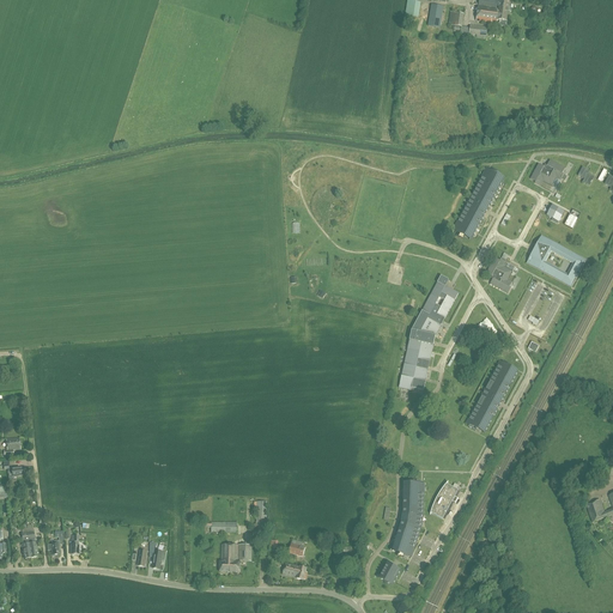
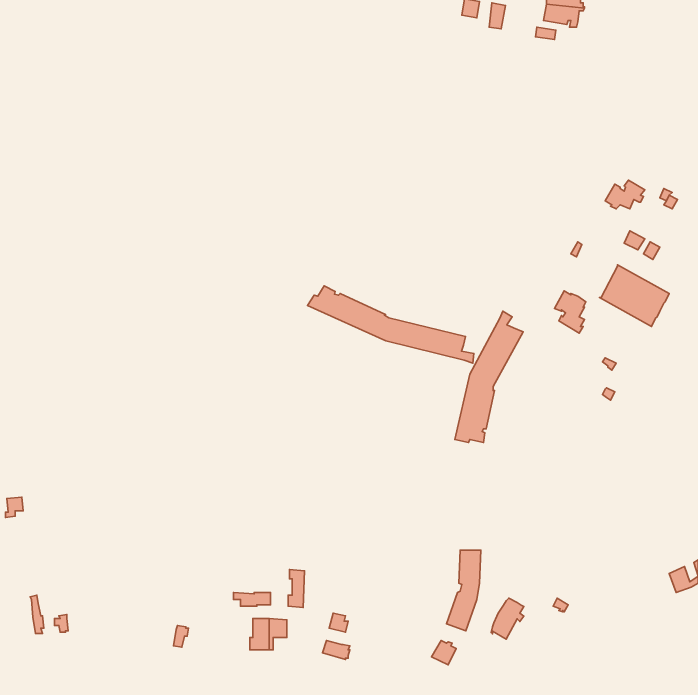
building: [456,169,504,237] -> none
building: none -> [308,286,474,363]
building: [467,359,517,430] -> none
building: [430,481,459,517] -> [491,598,524,639]

